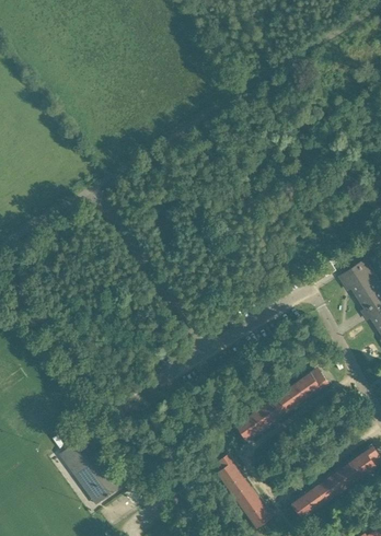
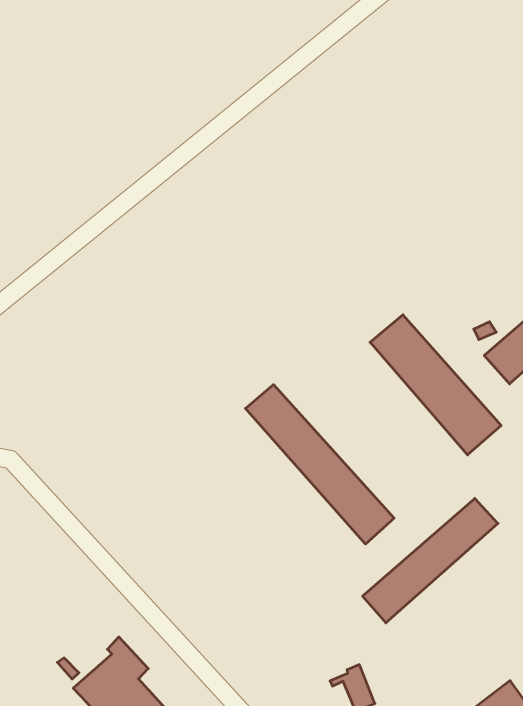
building: none -> [370,315,501,455]
building: none -> [245,385,394,544]

